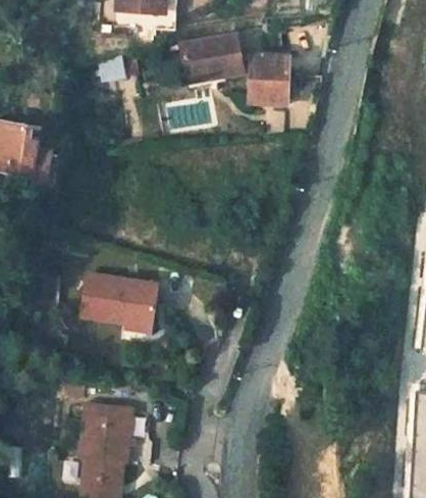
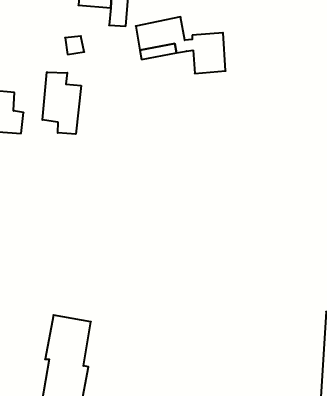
building: none -> [42,72,81,134]
building: [79,273,159,327] -> none

